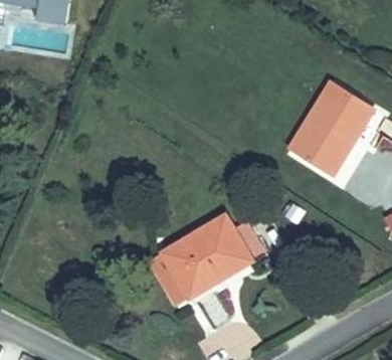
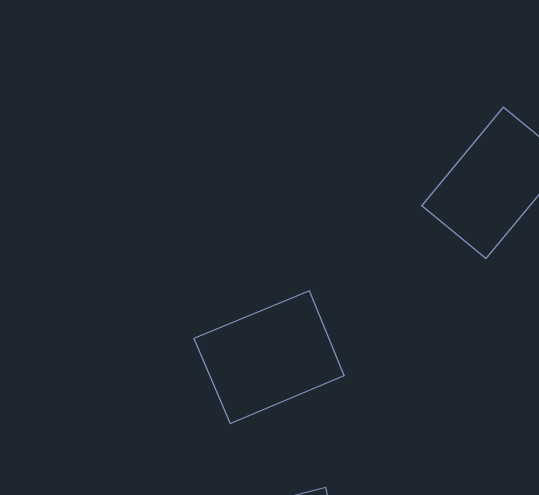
building: [148,248,193,306] -> none

